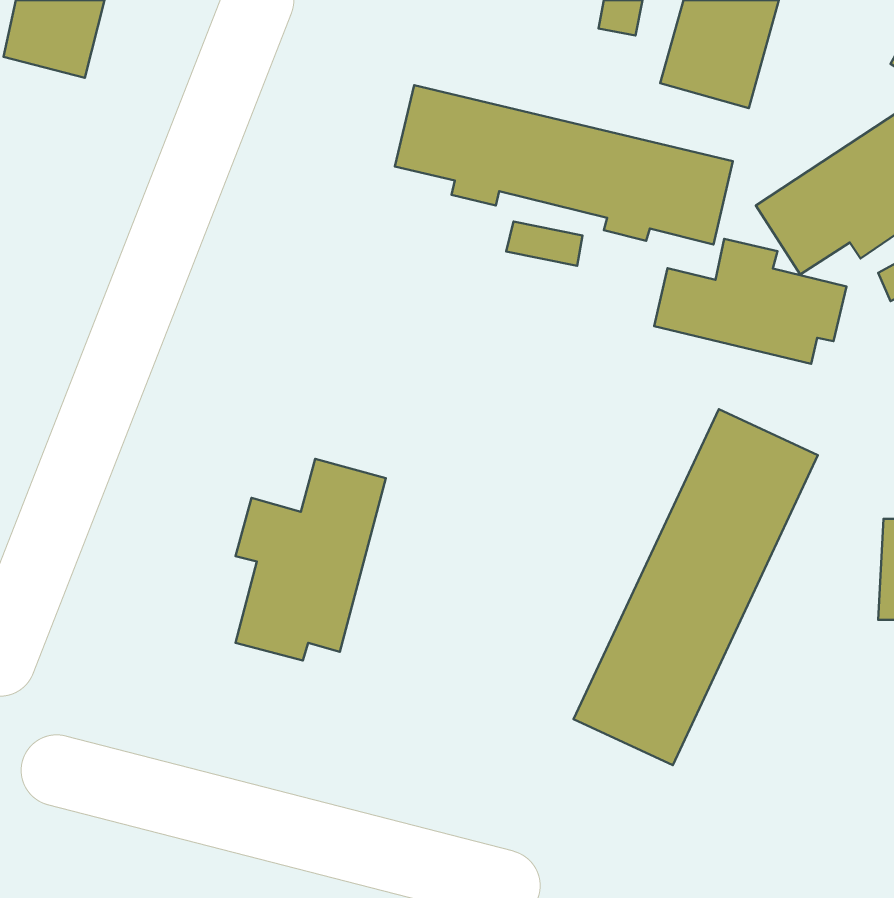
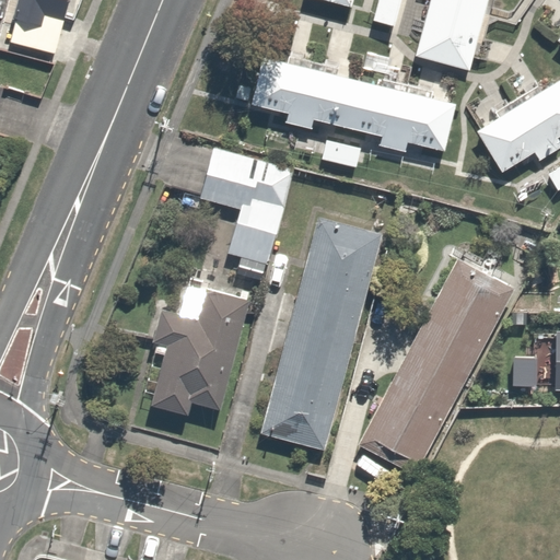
building: none -> [199,148,296,269]
building: [654,239,847,364] -> none
building: none -> [260,213,386,450]

